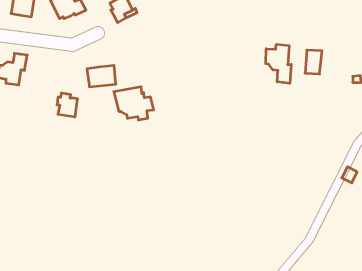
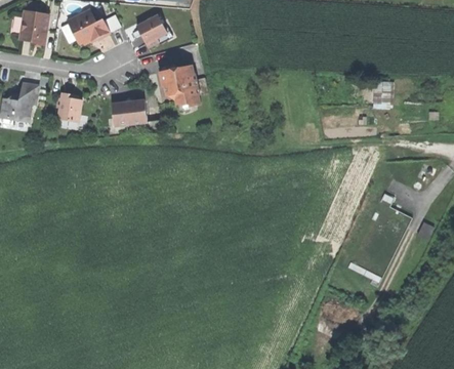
building: [266,44,291,83] -> none
building: [114,87,154,120] -> [159,65,207,105]
building: [57,93,78,117] -> [58,93,83,122]

